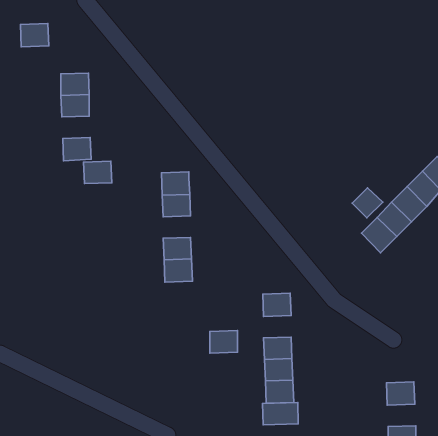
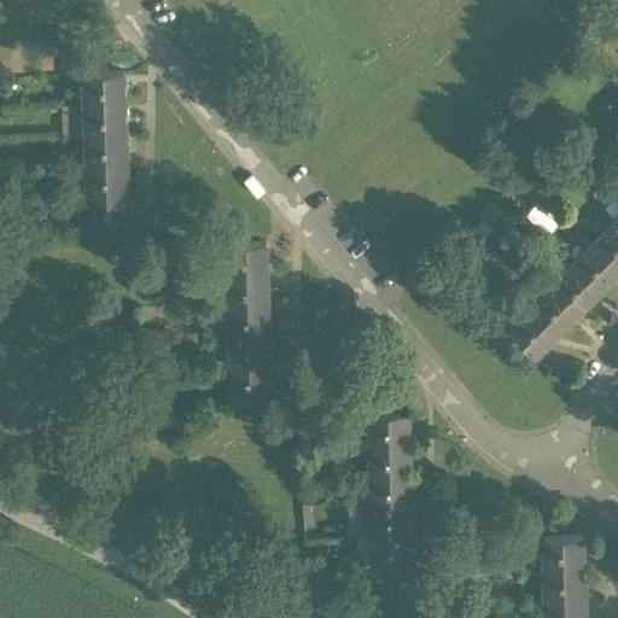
building: [20,23,49,47] -> [86,76,126,109]
building: [83,161,112,184] -> [88,168,128,199]
building: [352,188,383,218] -> none
building: none -> [231,308,269,339]
building: [210,331,237,353] -> [372,448,410,479]
building: [263,402,298,425] -> none
building: none -> [546,572,585,604]

